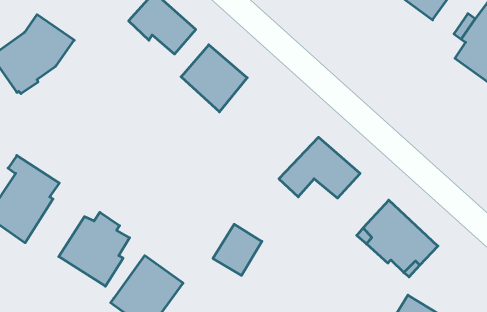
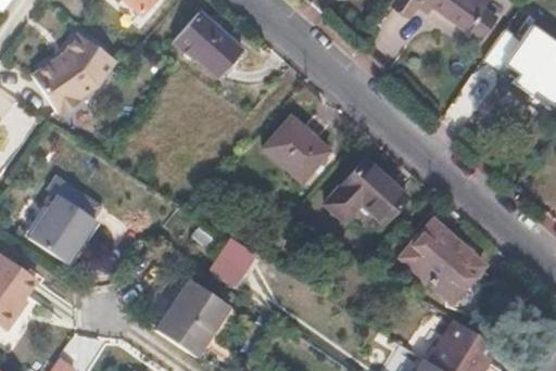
building: [181,45,247,112] -> [264,116,331,184]
building: [59,212,130,286] -> none
building: [213,224,262,275] -> [210,239,260,291]

